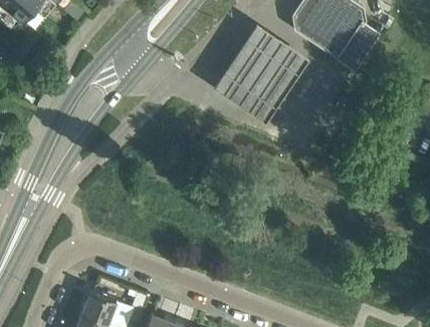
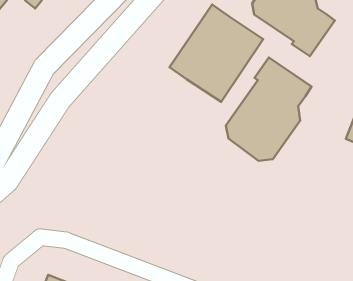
building: none -> [226,57,312,161]

